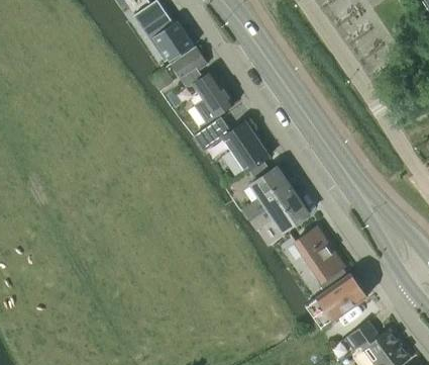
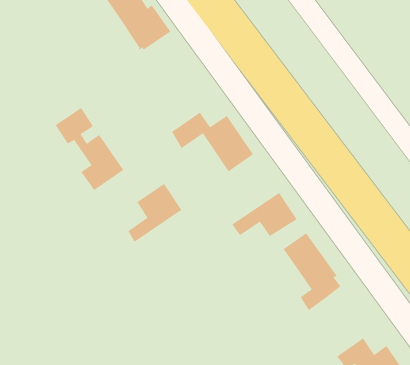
building: [171,47,233,122] -> [55,107,124,191]
building: [242,166,292,219] -> [128,183,182,242]
building: [305,274,365,329] -> none

